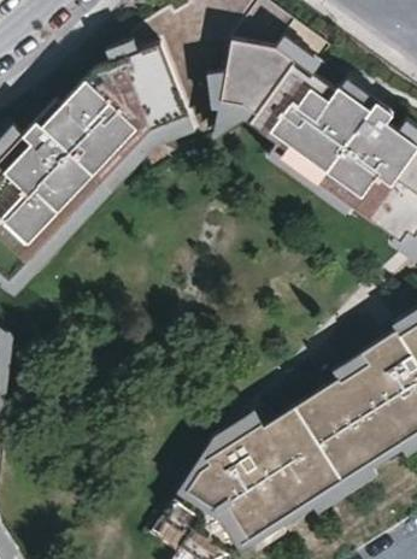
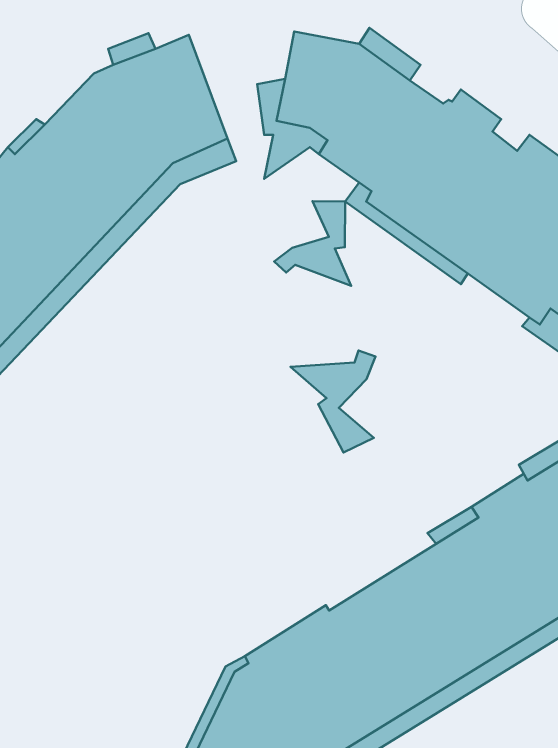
building: none -> [274,201,351,286]
building: none -> [291,351,376,453]

